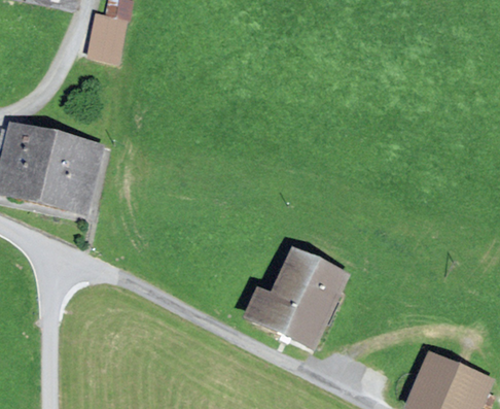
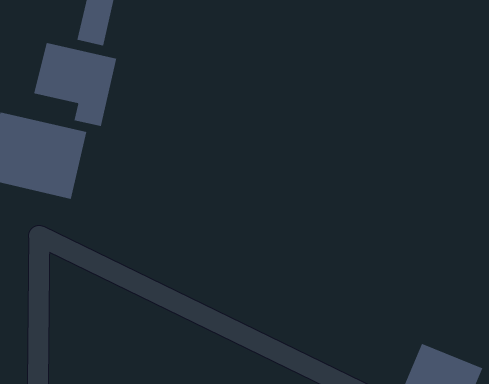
building: none -> [34,42,117,127]
building: [246,248,347,345] -> none

